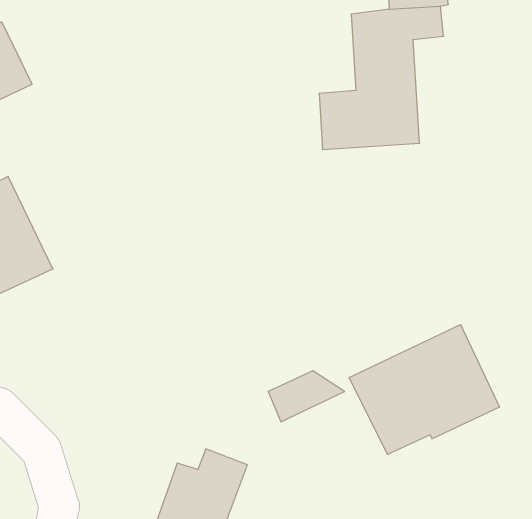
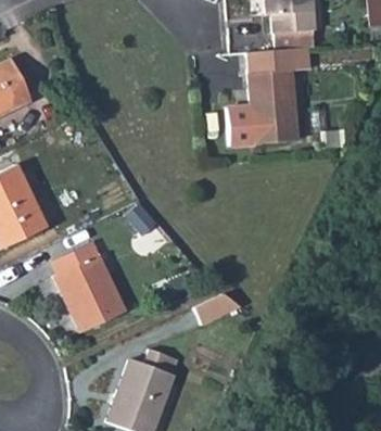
building: none -> [55,242,126,330]
building: [349,325,499,454] -> none

